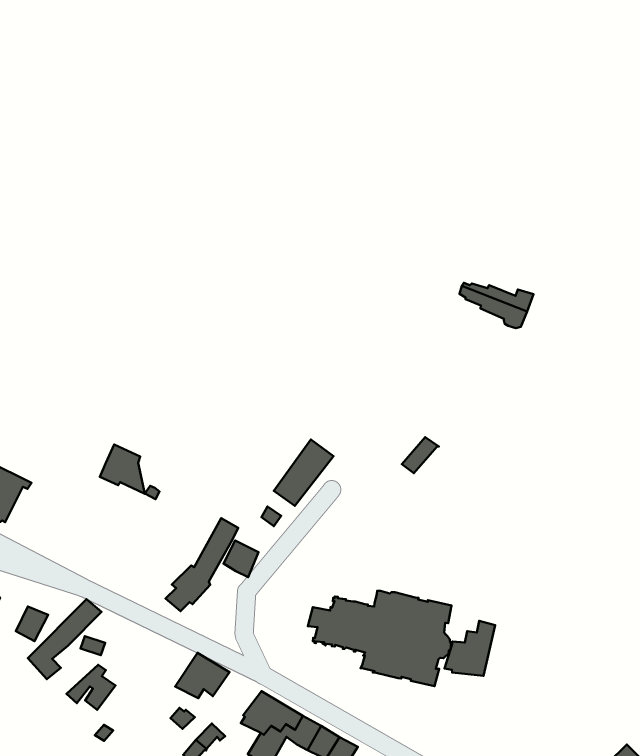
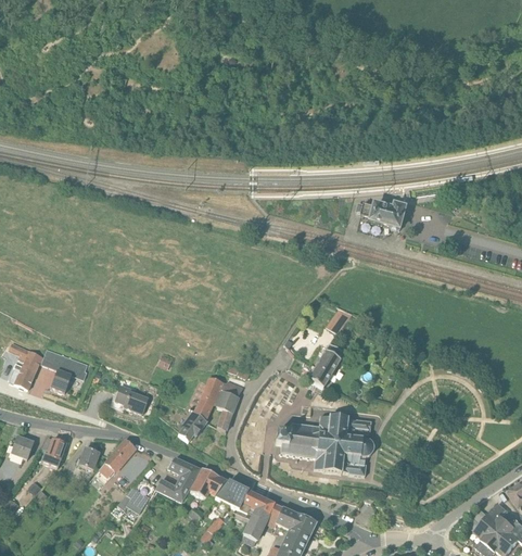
building: [274,440,333,506] -> [308,342,346,388]
building: [100,444,145,494] -> [111,382,142,414]
building: [445,621,495,676] -> none
building: none -> [156,457,200,500]
building: none -> [215,479,249,514]

